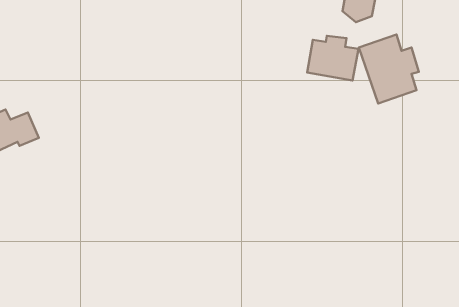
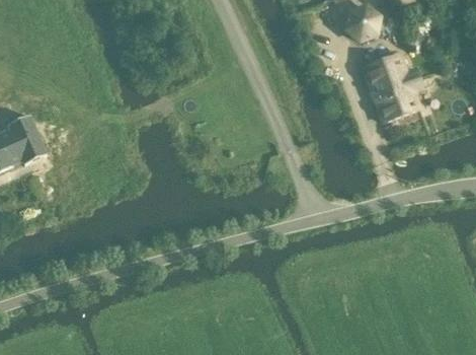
building: [307,36,358,81] -> none

